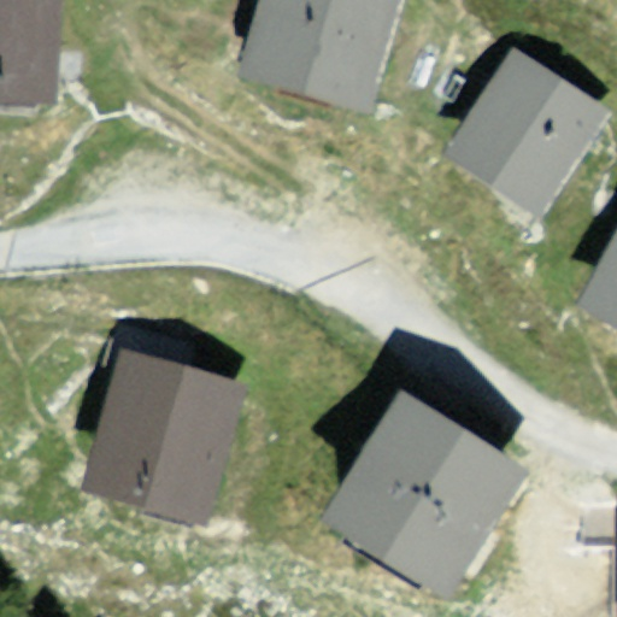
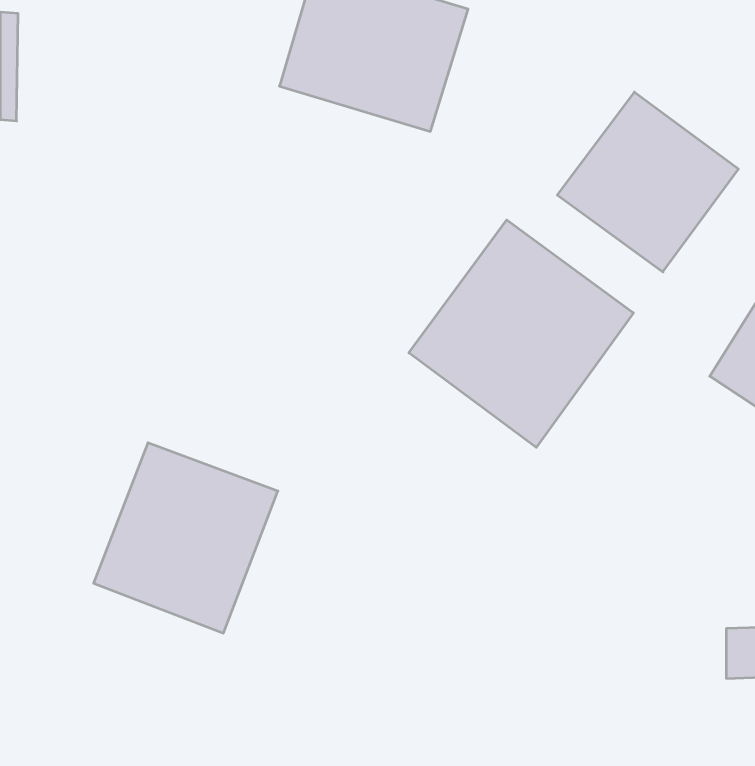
building: none -> [409,220,633,447]
building: [353,410,517,575] -> none

